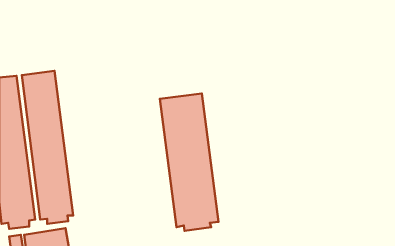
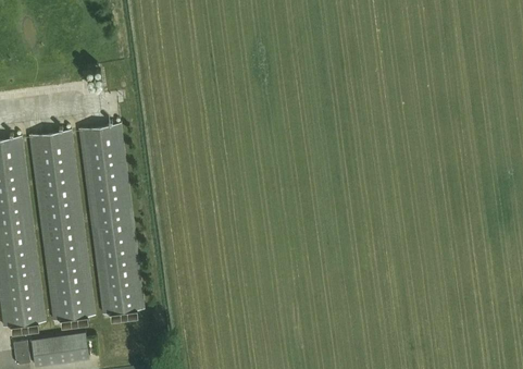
building: none -> [77,121,145,318]
building: [160,93,218,231] -> none

